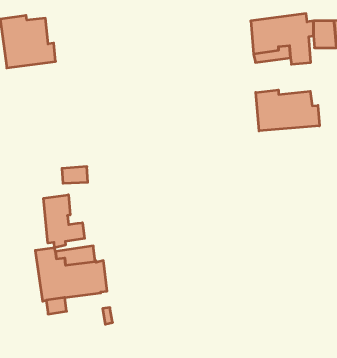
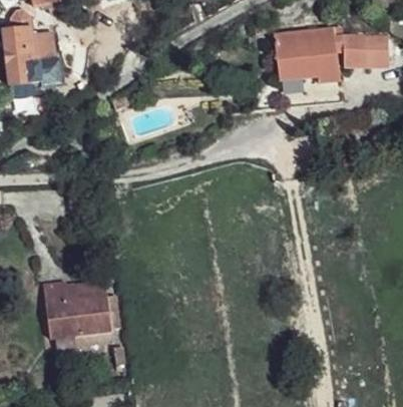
building: [256,90,319,131] -> none
building: [44,195,85,248] -> none

